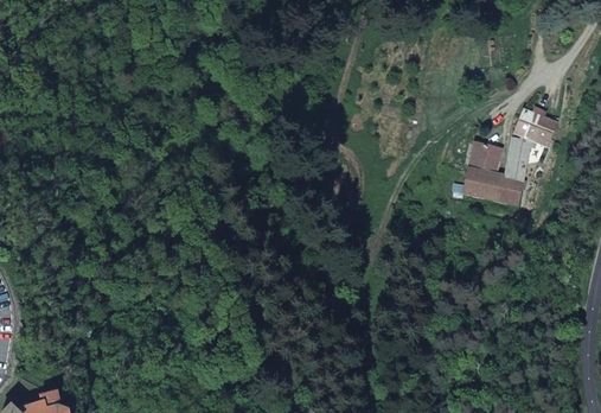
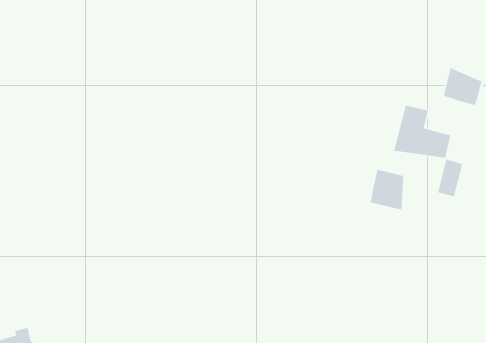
building: [504,136,532,179] -> [437,159,463,197]
building: none -> [370,169,404,210]

